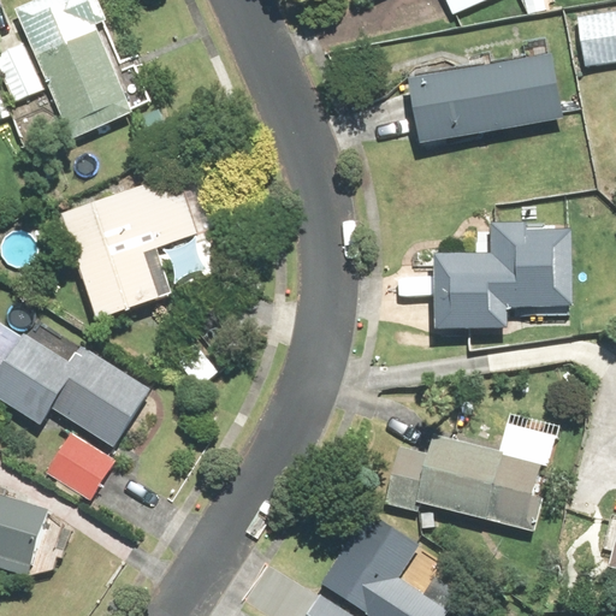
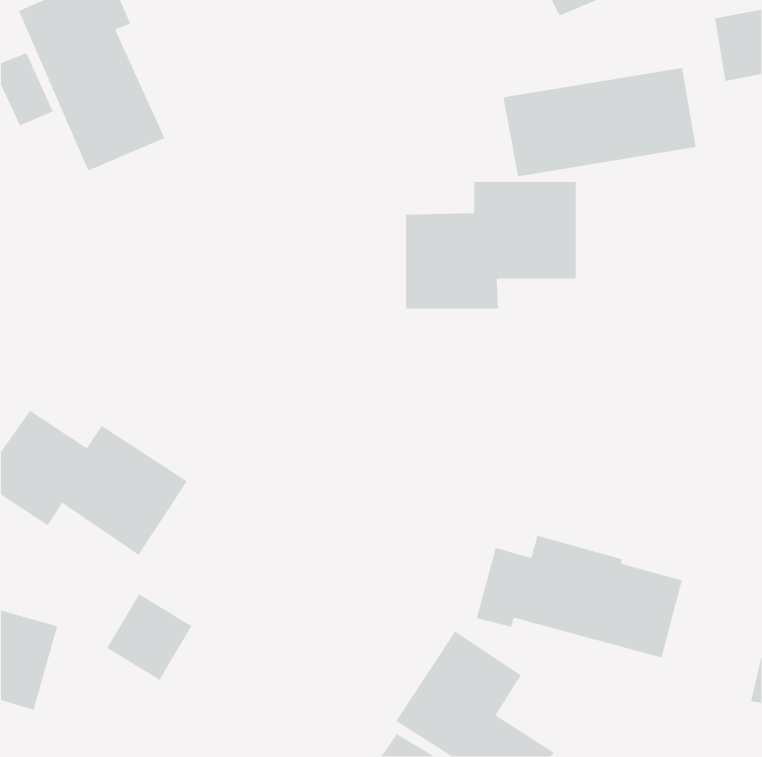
building: [60,174,196,319] -> none
building: [433,227,571,331] -> [405,181,577,309]
building: [46,431,116,502] -> [106,593,193,681]

